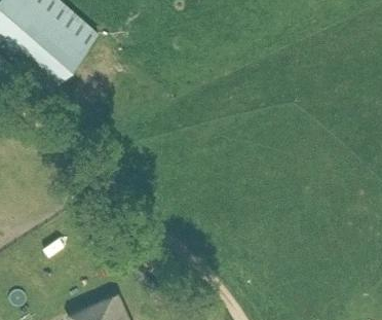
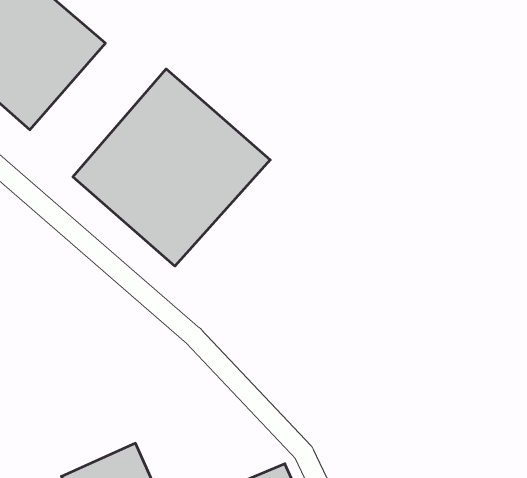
building: none -> [73,69,270,266]

